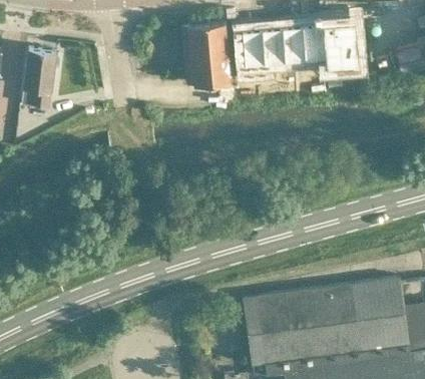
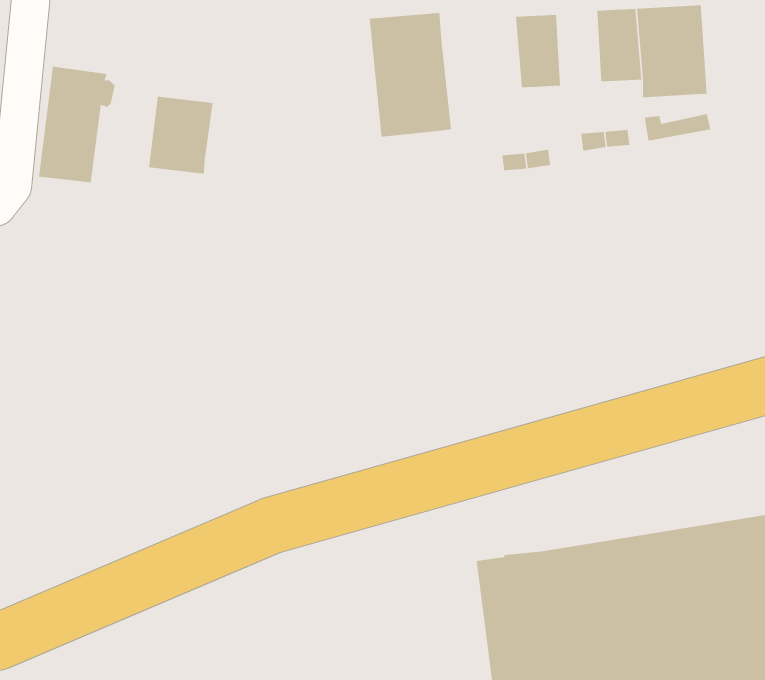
building: [284,23,306,61] -> none
building: [231,26,266,81] -> none
building: none -> [149,96,213,174]

